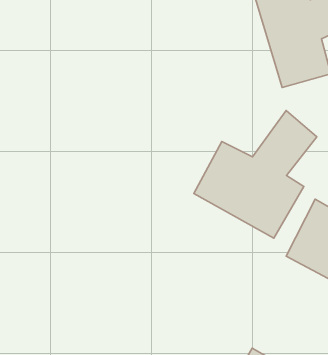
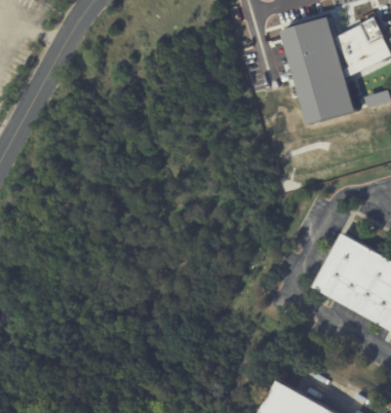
building: [194,110,317,238] -> none

